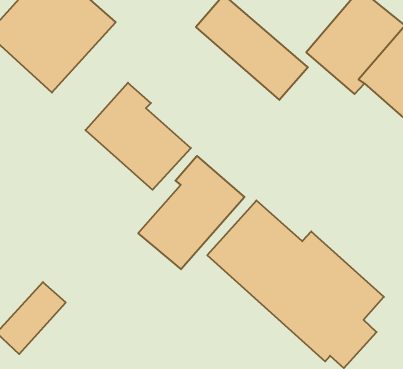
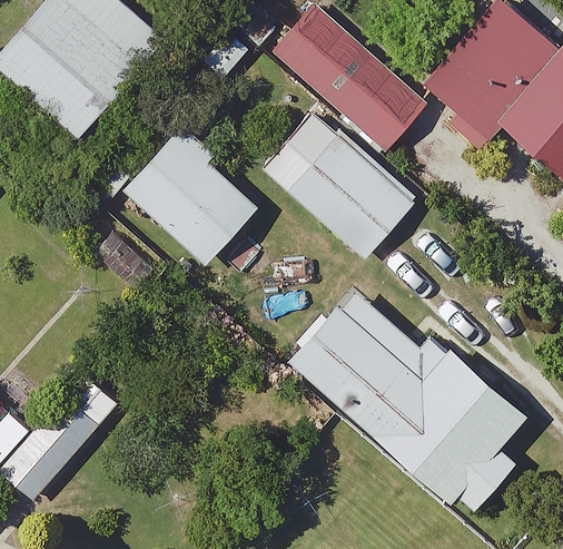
building: none -> [286,136,413,259]
building: [138,156,244,269] -> none

